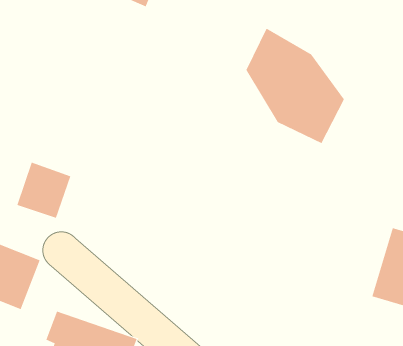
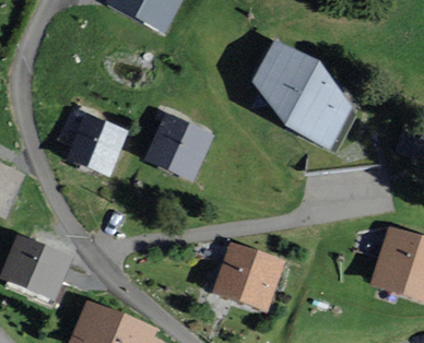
building: none -> [149,118,208,176]
building: [17,162,71,219] -> [71,119,120,170]
building: none -> [216,245,279,304]

